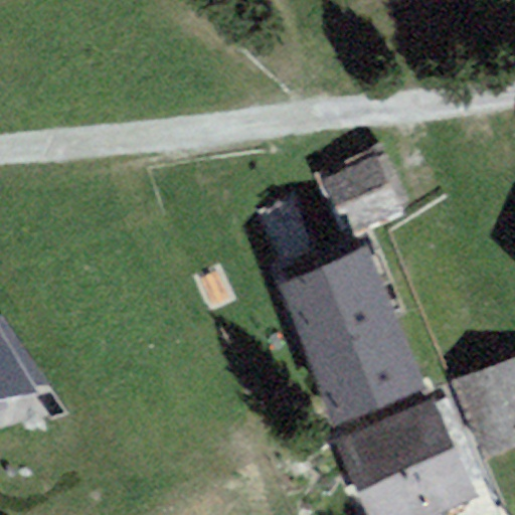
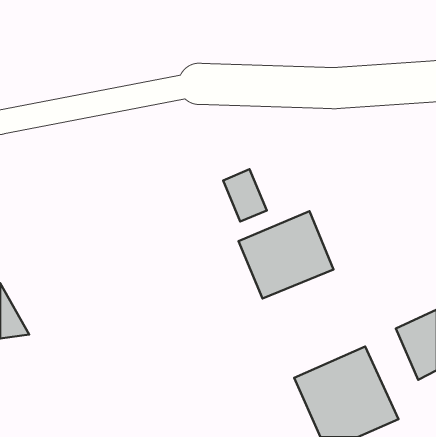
building: [330,158,406,228] -> none
building: [310,317,421,418] -> none

